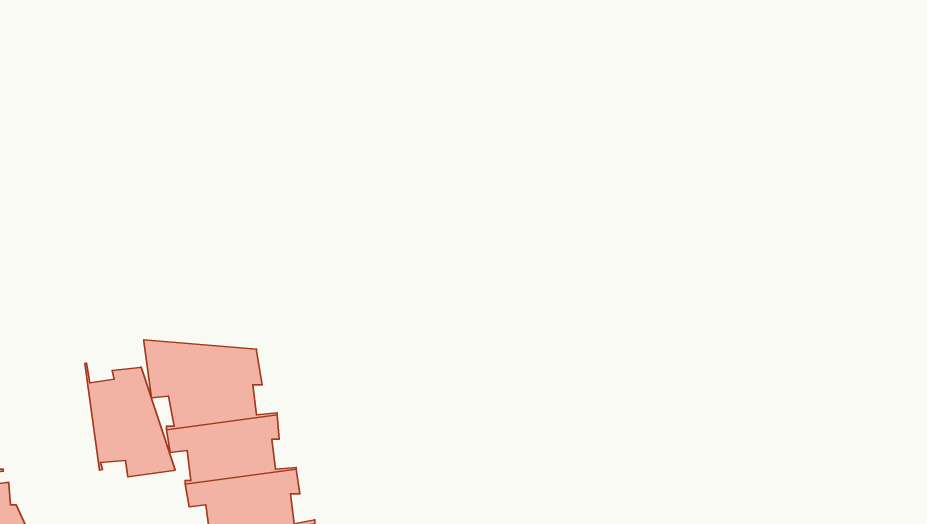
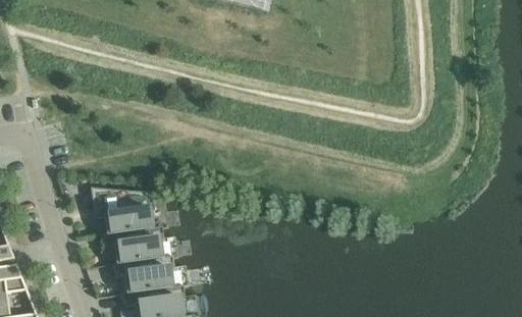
building: [85,363,175,477] -> none

